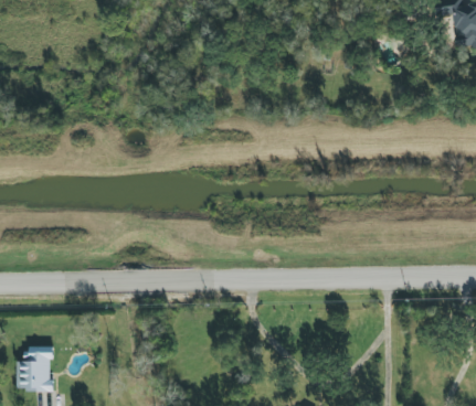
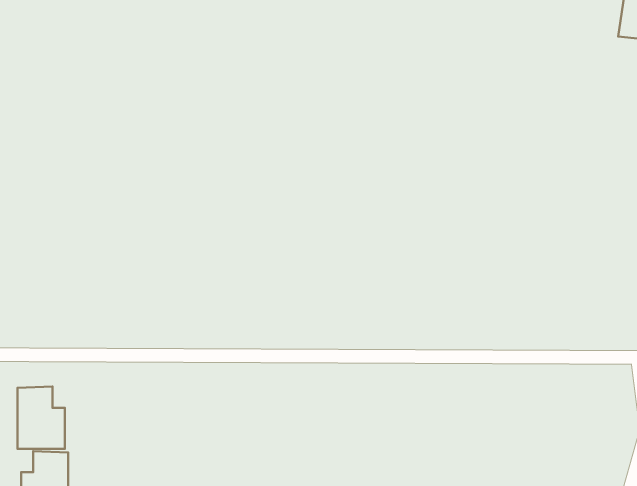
building: none -> [17,386,65,449]

